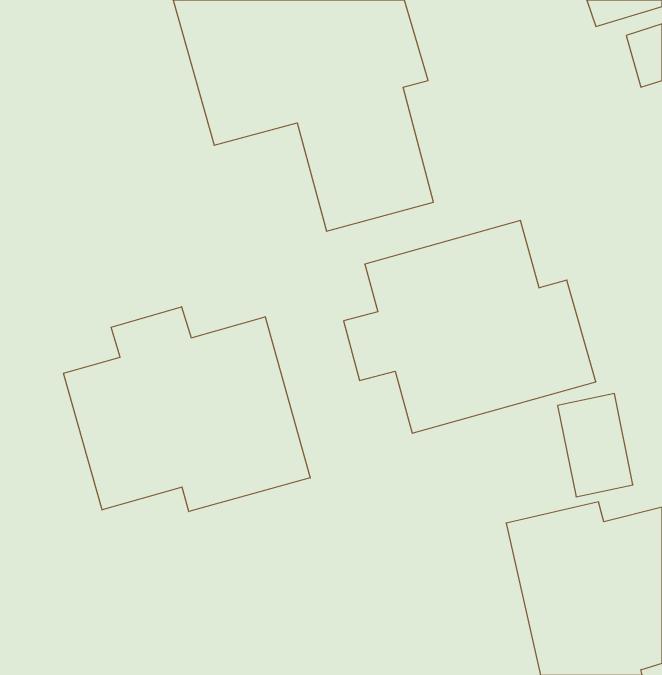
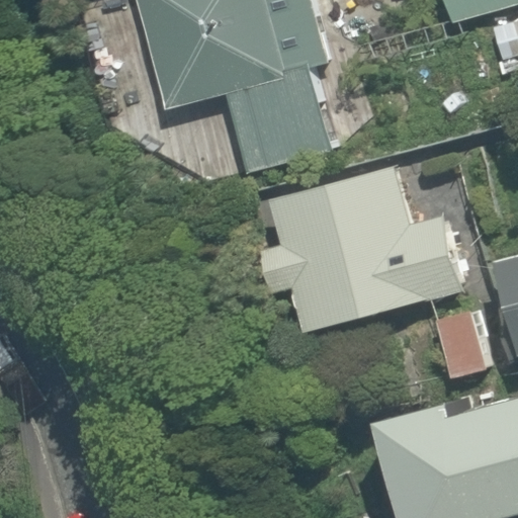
building: [63,307,310,512] -> none

